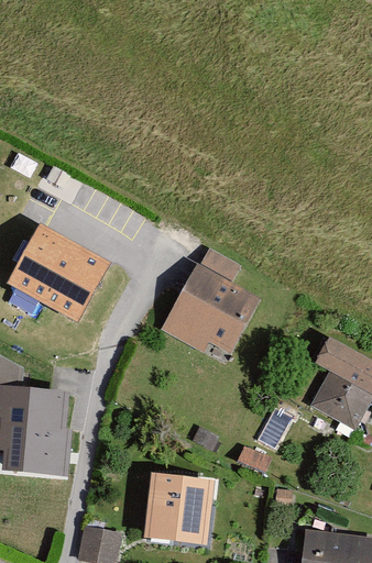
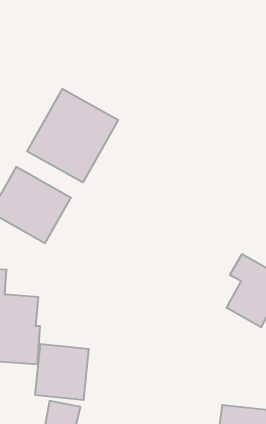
building: none -> [27,89,118,182]
building: [161,263,261,353] -> none
building: [144,473,214,544] -> [35,344,89,400]

